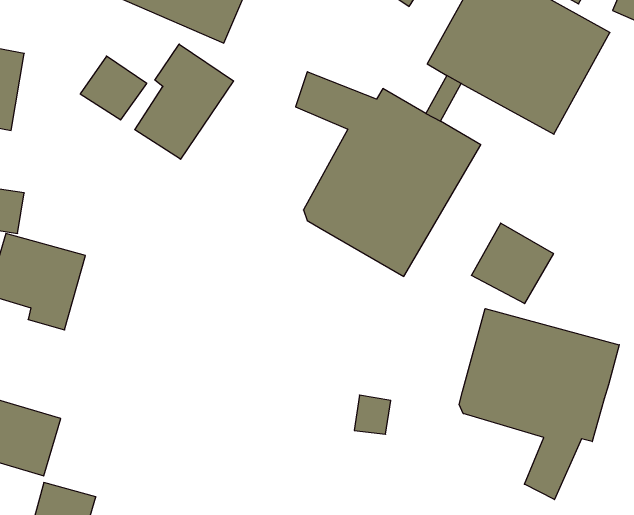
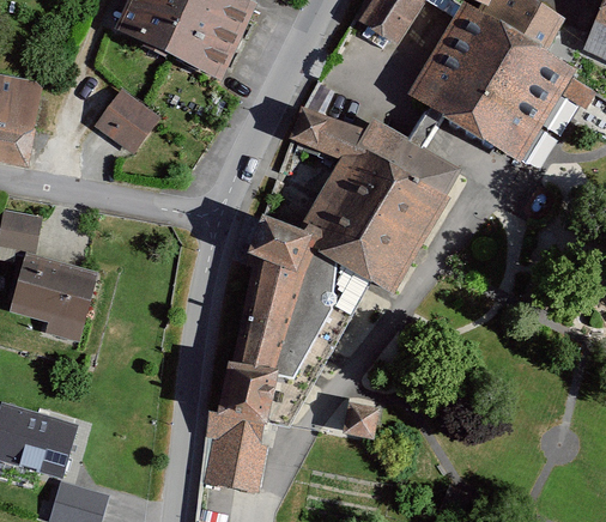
building: [135,44,234,159] -> none
building: none -> [200,218,331,487]
building: [471,223,553,304] -> none
building: [459,309,619,500] -> none

